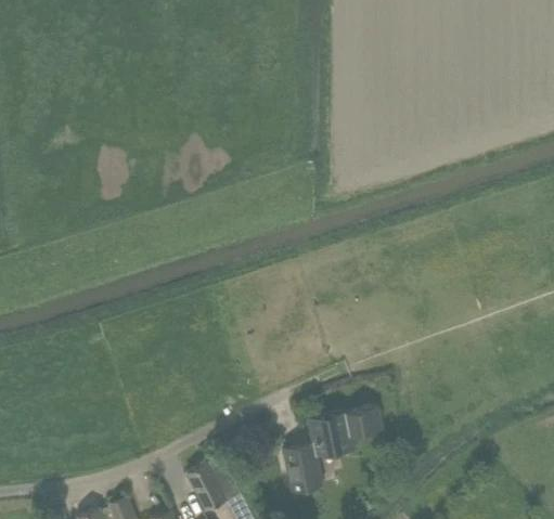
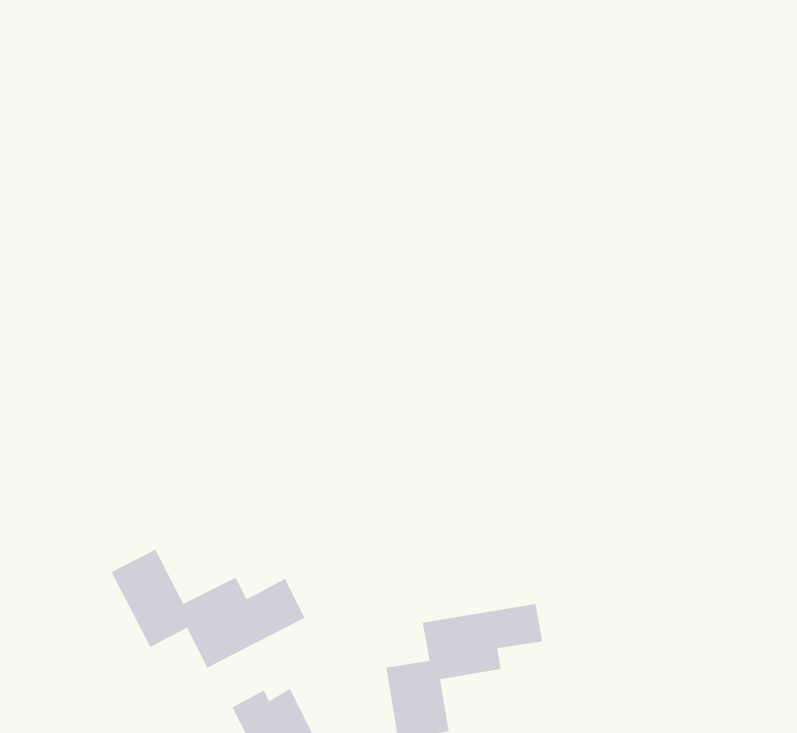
building: none -> [111,549,305,669]

